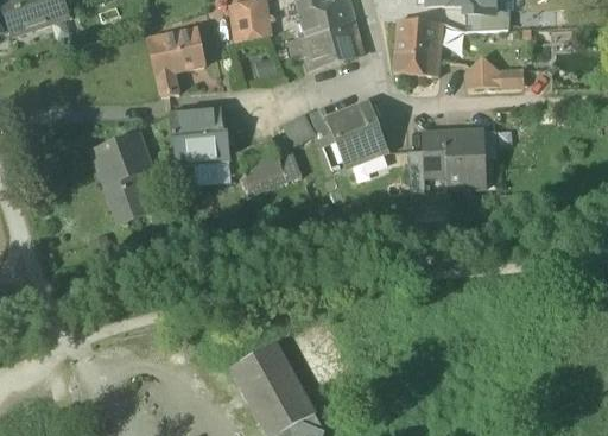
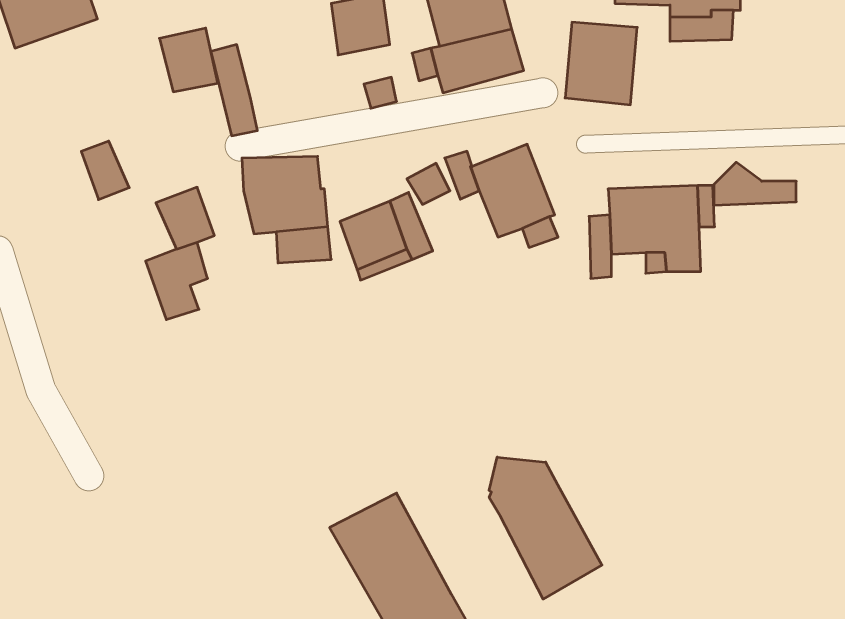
building: [165,26,205,70] -> [159,28,218,92]
building: [467,57,524,87] -> [714,162,796,205]
building: [90,143,124,183] -> [81,141,129,200]
building: none -> [489,457,602,599]

